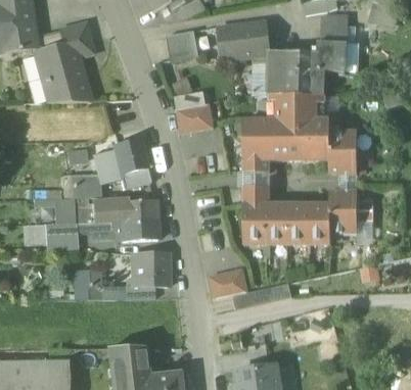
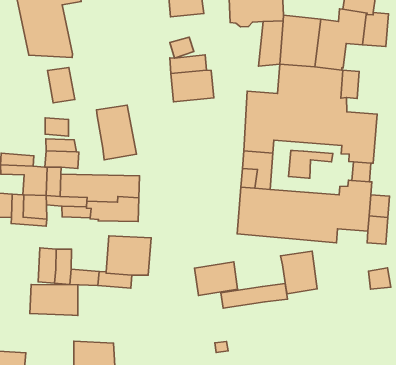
building: [95,150,121,182] -> [48,67,75,103]
building: none -> [289,151,333,178]
building: none -> [281,251,317,294]
building: none -> [30,285,78,316]

